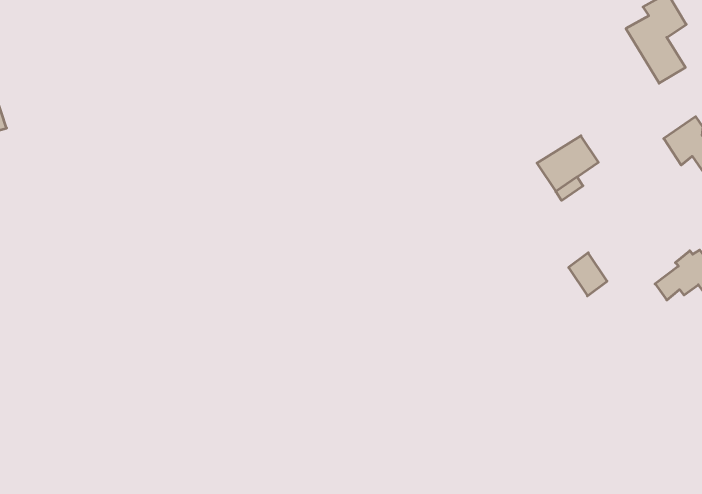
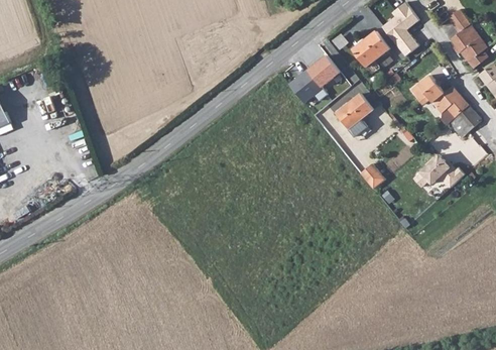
building: none -> [353,30,390,67]
building: none -> [286,53,336,101]

